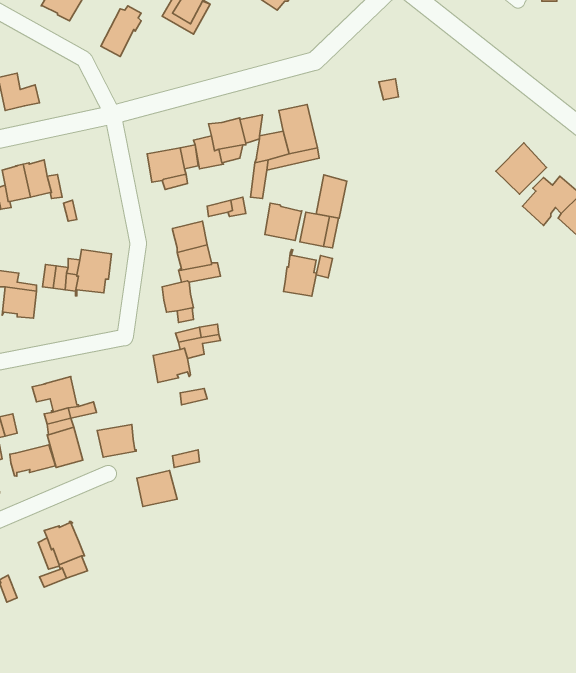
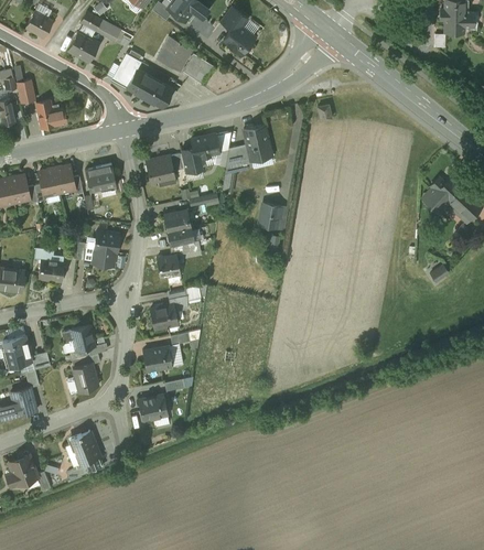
building: none -> [183,53,214,84]
building: none -> [126,68,173,108]
building: [496,143,547,194] -> none
building: none -> [84,163,116,191]
building: [316,175,347,218] -> none
building: [265,203,302,240] -> none
building: [284,249,316,296] -> none
building: [97,424,136,457] -> [142,346,171,370]
building: [10,445,56,476] -> none

